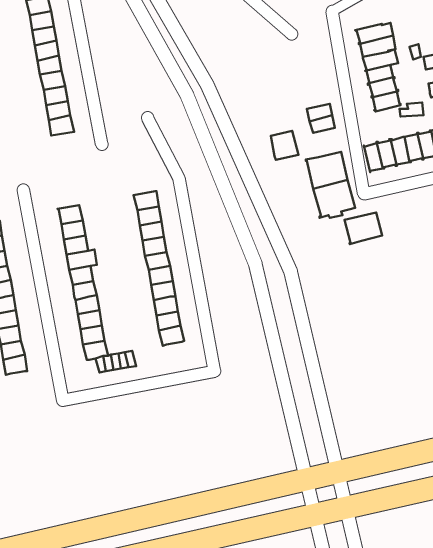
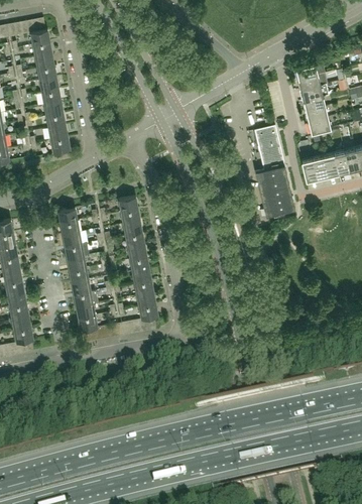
building: [271,131,299,160] -> [261,148,283,171]
building: [345,212,382,244] -> none

